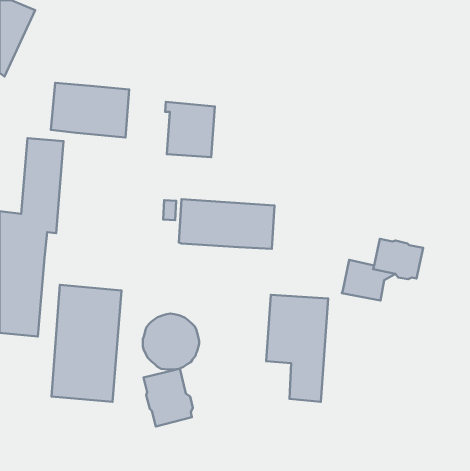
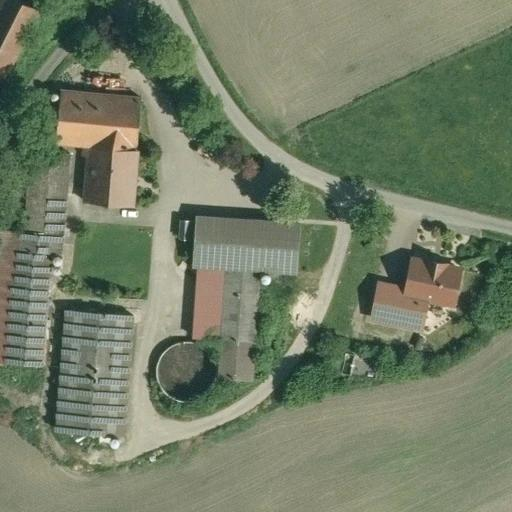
building: [165,102,215,157] -> [82,144,136,204]
building: [266,295,328,402] -> [192,264,259,380]
building: [143,368,193,426] -> none

